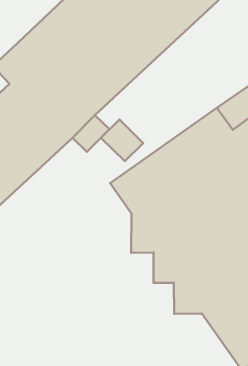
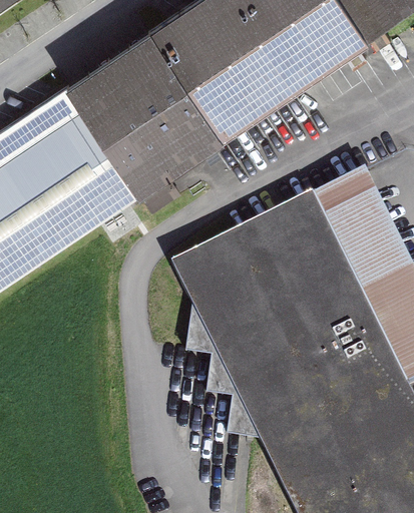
building: [101,119,143,161] -> none

